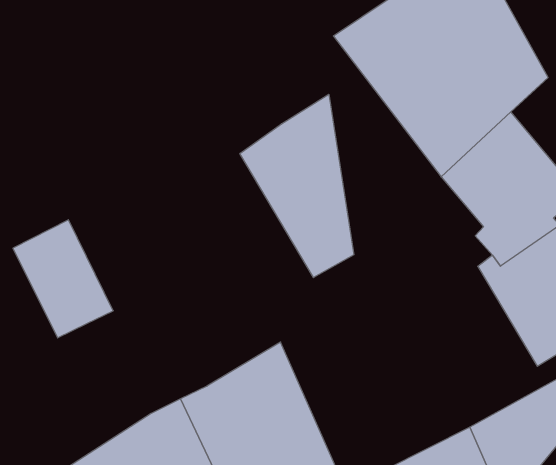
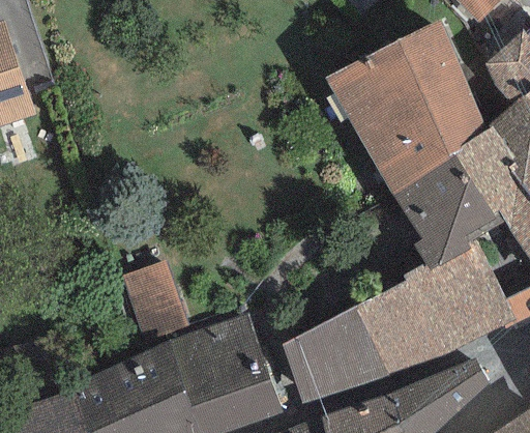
building: [240,94,354,278] -> none
building: [13,220,113,338] -> [121,262,193,352]
building: none -> [279,270,449,405]

